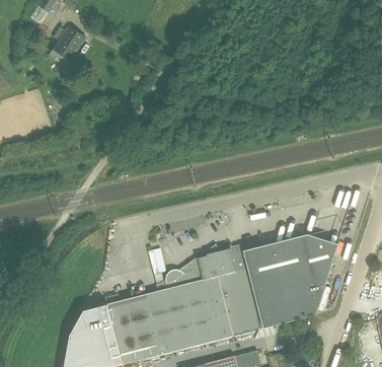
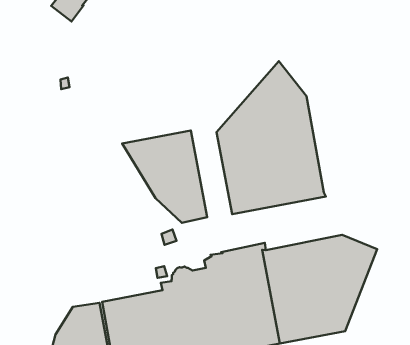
building: none -> [217,61,326,214]
building: none -> [122,131,207,223]

